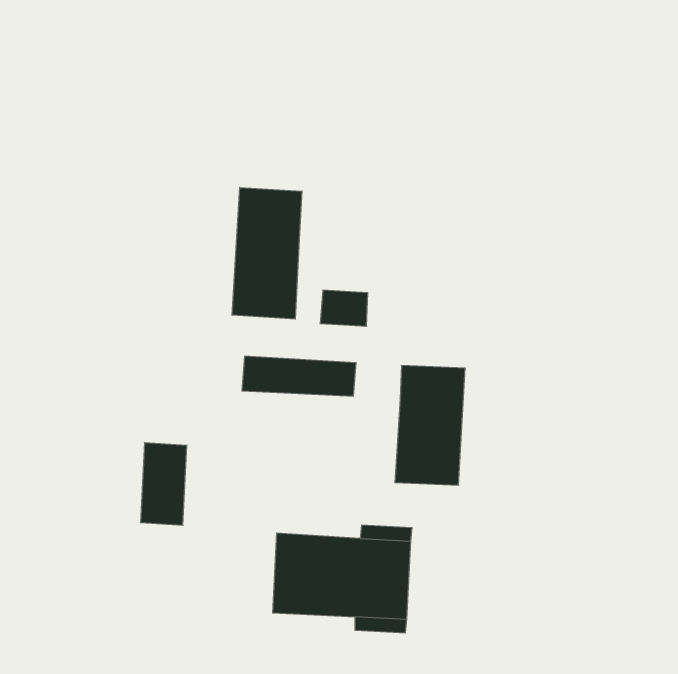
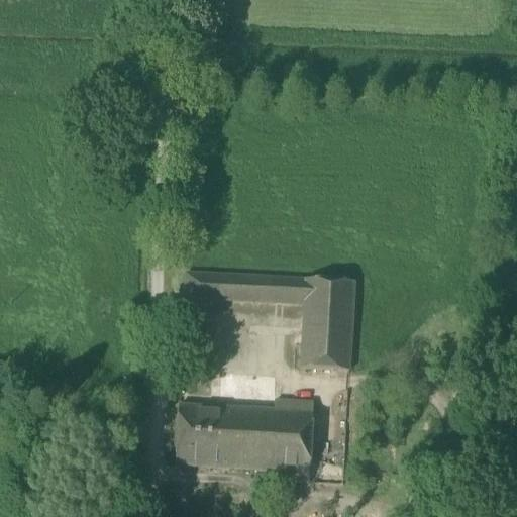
building: [232,187,302,319] -> none
building: [320,290,368,326] -> [270,276,306,303]
building: [140,443,187,525] -> [176,403,211,466]

